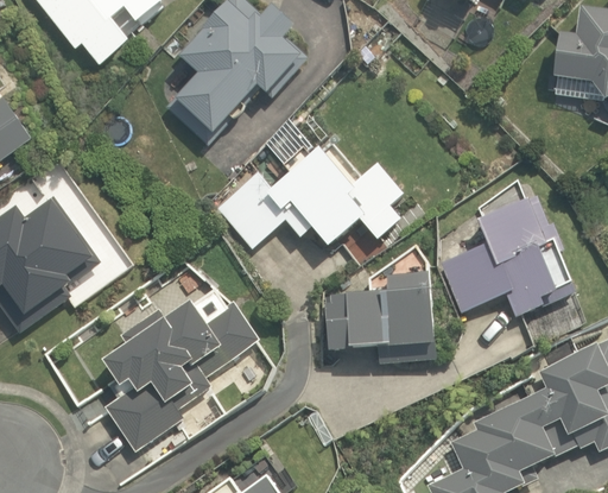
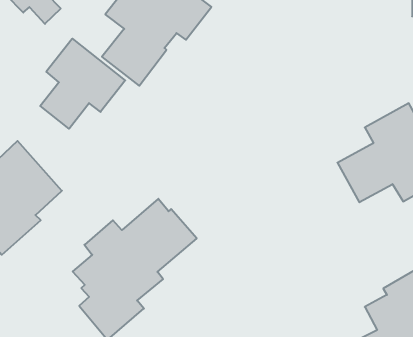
building: none -> [40,39,125,129]
building: [217,143,406,245] -> none
building: [329,277,433,360] -> none

